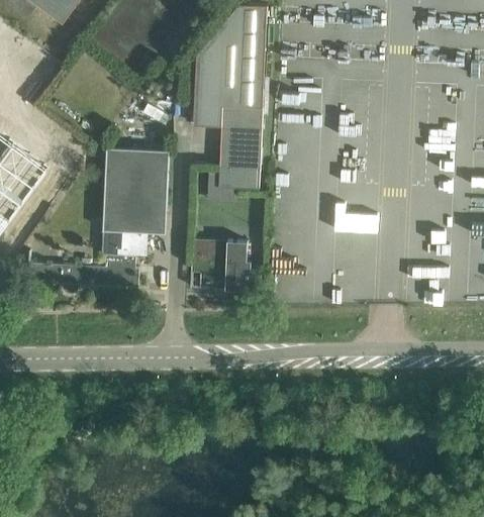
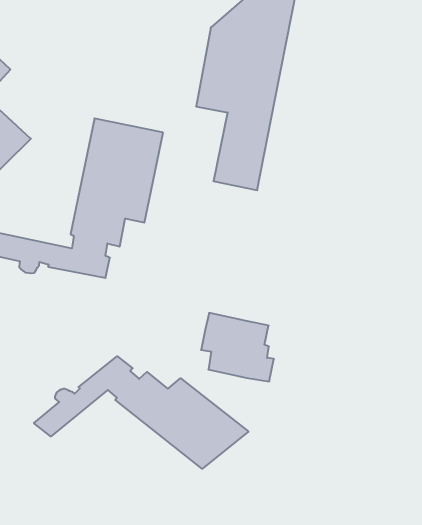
building: [190,238,255,290] -> [201,313,274,381]
building: none -> [34,356,248,469]

